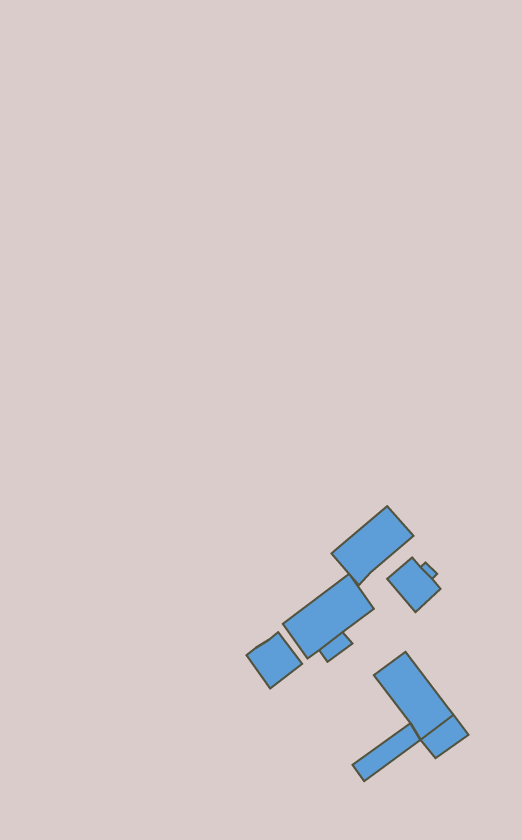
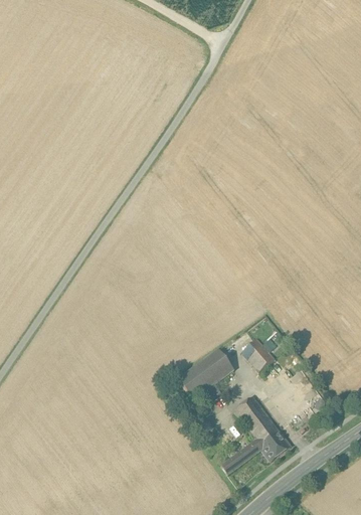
building: [332,506,413,585] -> none
building: [246,632,302,689] -> none

